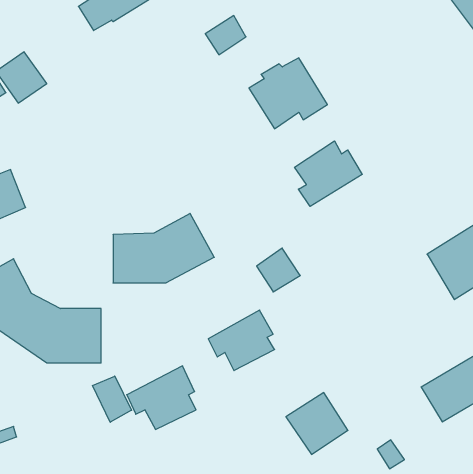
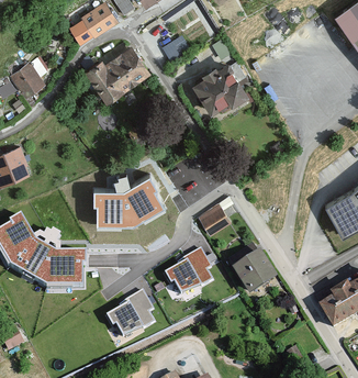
building: none -> [81,46,150,108]
building: [295,141,362,206] -> none
building: [93,376,132,422] -> none
building: [286,393,348,454] -> [232,247,277,292]

